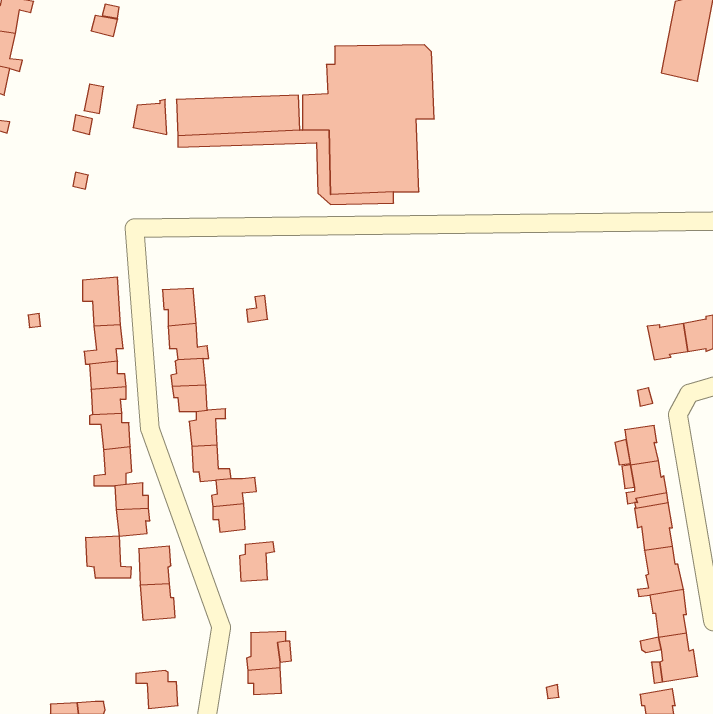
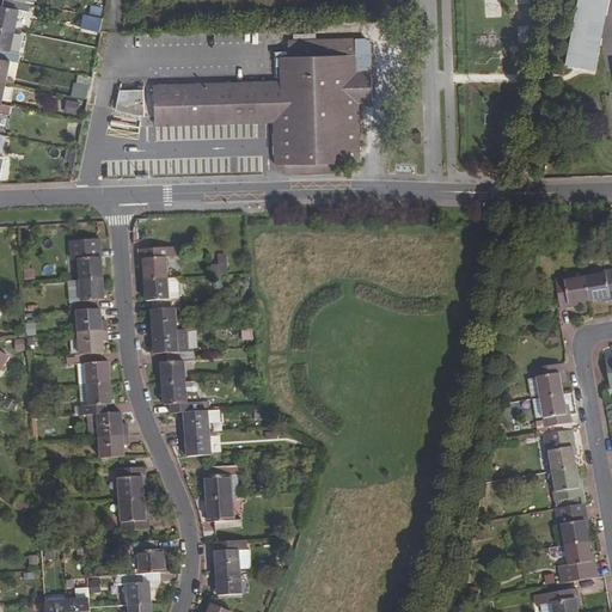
building: [86,536,131,578] -> none
building: none -> [206,495,238,527]
building: none -> [131,540,165,574]

